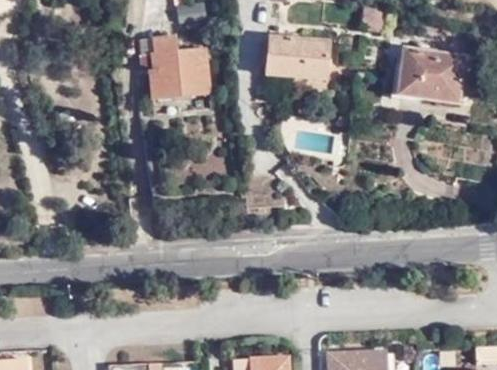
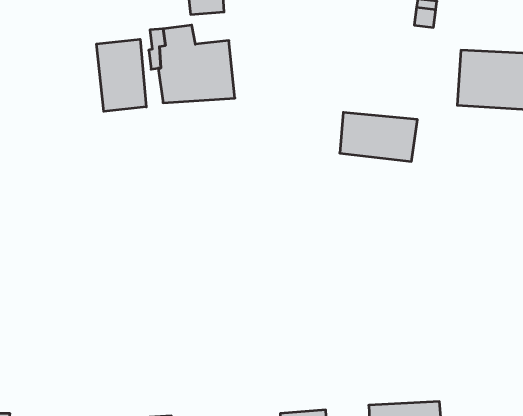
building: [266,39,331,80] -> [340,112,417,161]
building: none -> [97,39,146,111]

